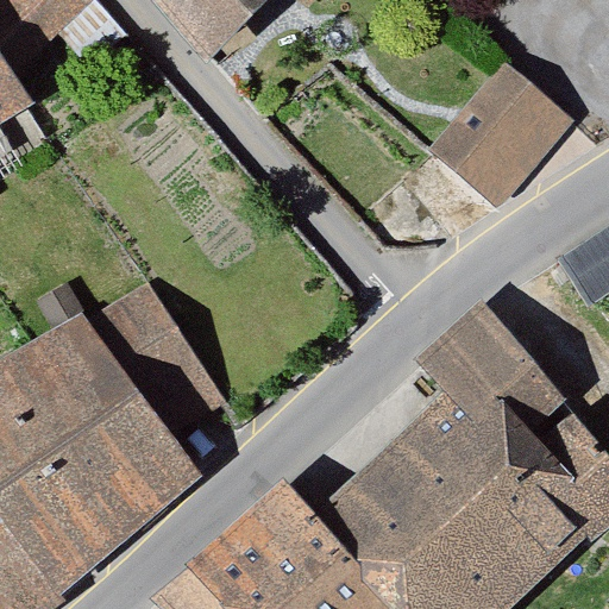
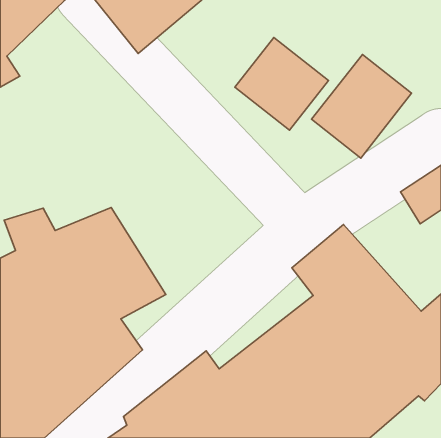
building: none -> [235,38,329,130]

